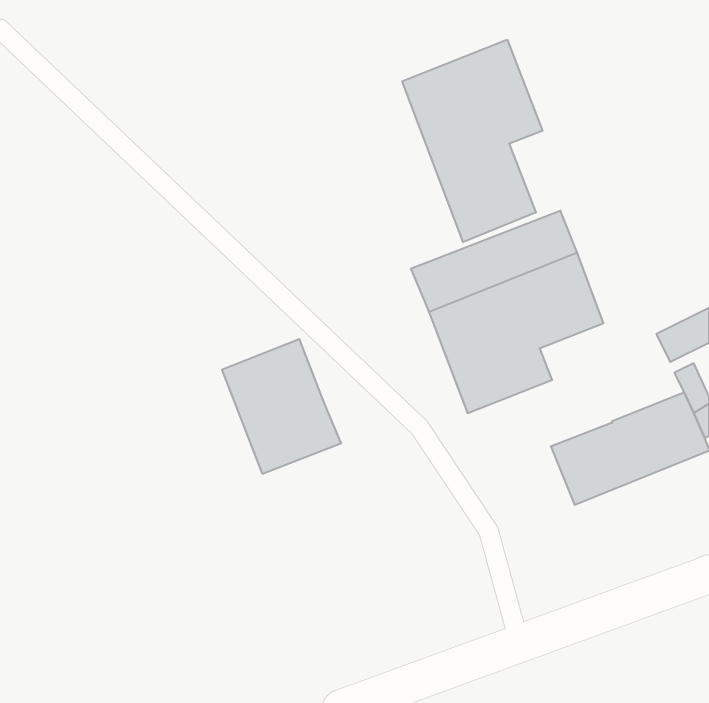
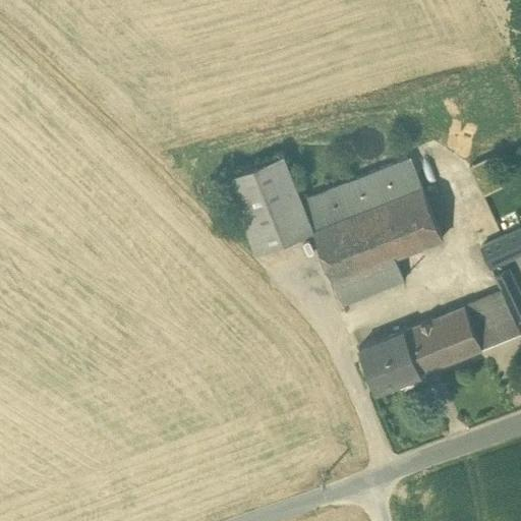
building: [402,40,542,242] -> none
building: [222,339,341,474] -> [227,157,314,255]
building: none -> [359,332,421,393]

